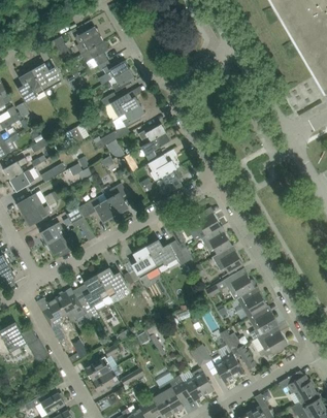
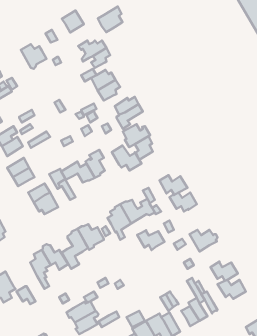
building: [81,41,109,70] -> [98,7,122,32]
building: [18,70,44,101] -> none
building: none -> [112,145,142,170]
building: [212,251,243,274] -> [137,230,164,250]
building: [237,292,267,317] -> none

